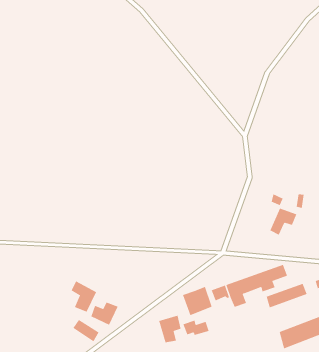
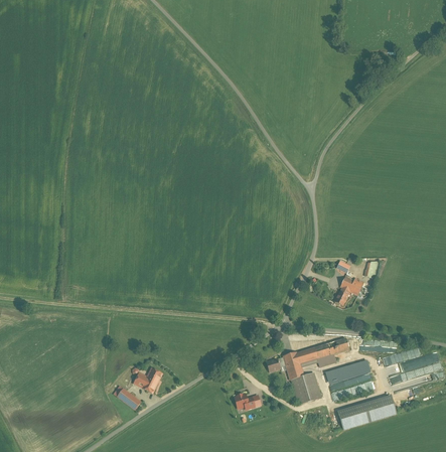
building: [71,280,97,313] -> none
building: [182,286,212,316] -> [290,373,322,405]
building: [158,315,181,343] -> none

